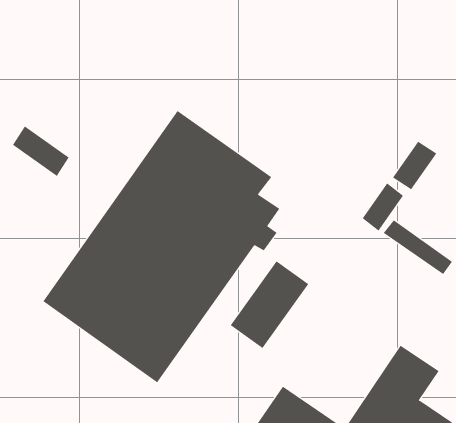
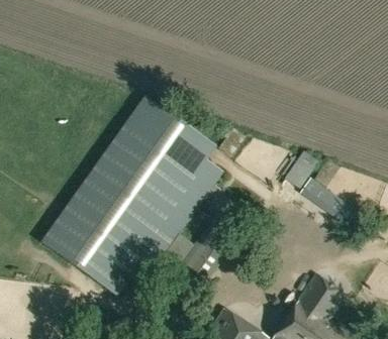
building: [12,125,69,177] -> none
building: [392,141,437,190] -> none

